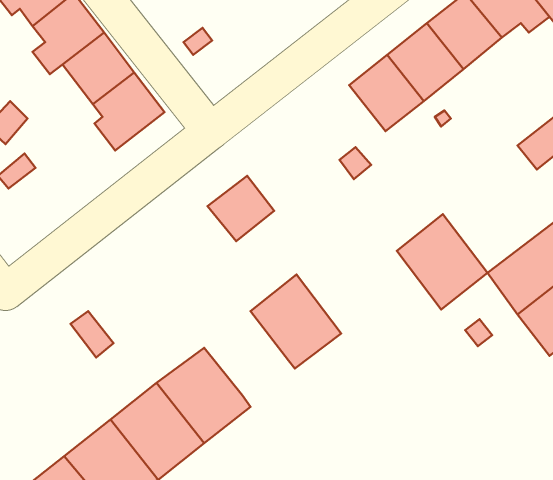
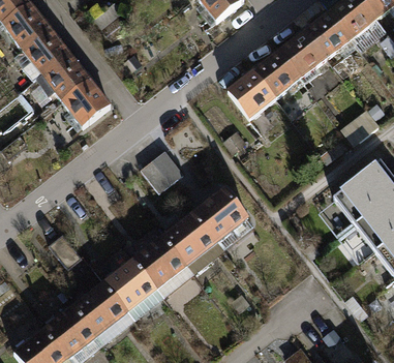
building: [397,214,487,310] -> [194,186,253,248]
building: none -> [134,234,189,289]

